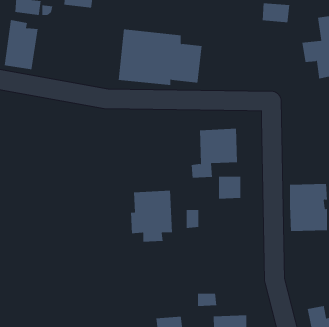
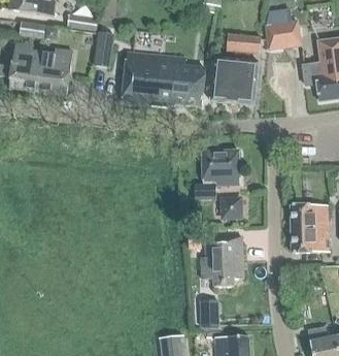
building: none -> [94,31,116,66]
building: none -> [210,34,262,104]
building: none -> [37,46,73,95]
building: [130,190,173,242] -> [201,234,243,286]

